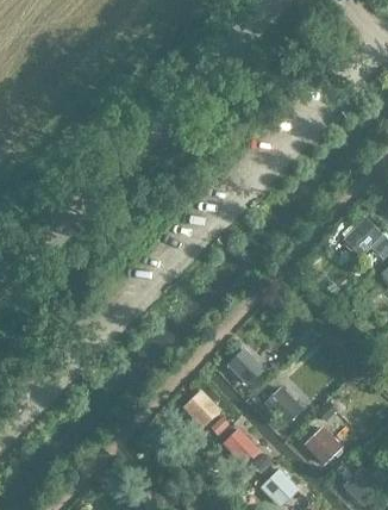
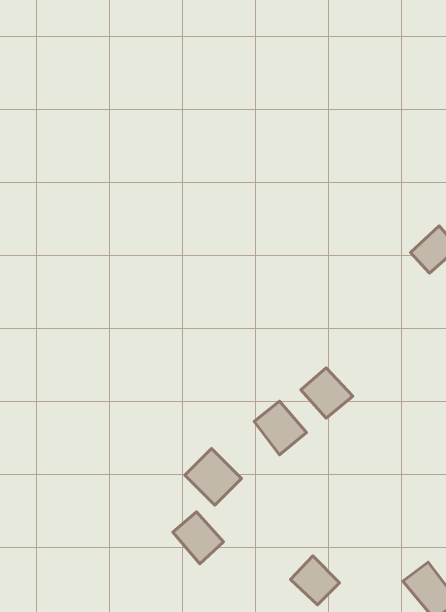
building: [269,390,308,428] -> [301,368,353,418]
building: [305,425,345,467] -> none
building: [224,427,262,466] -> [173,512,224,564]

